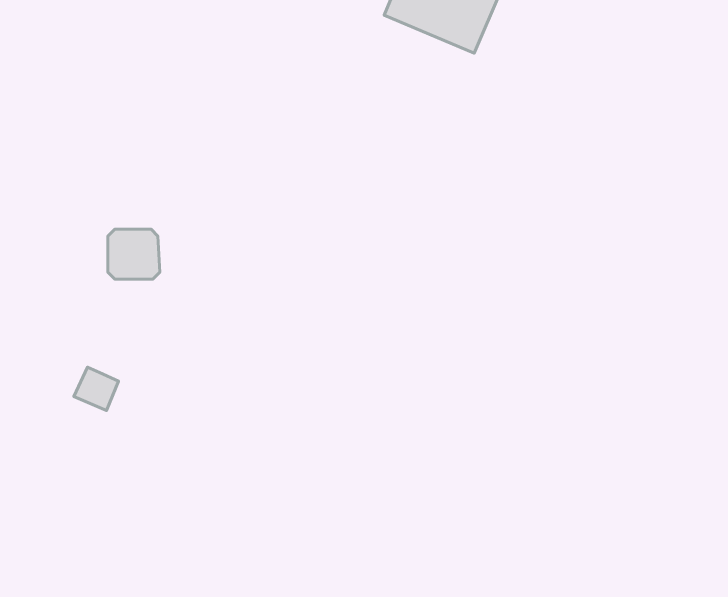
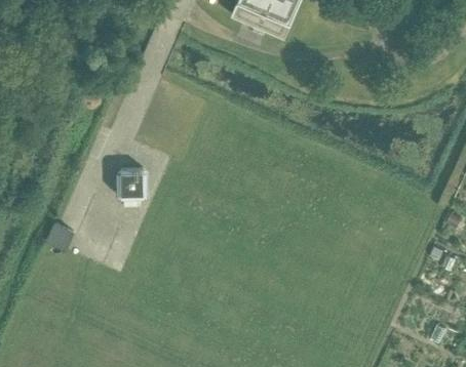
building: [108,229,160,279] -> [116,168,147,198]

